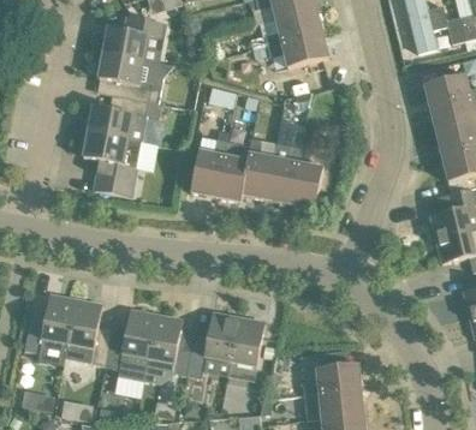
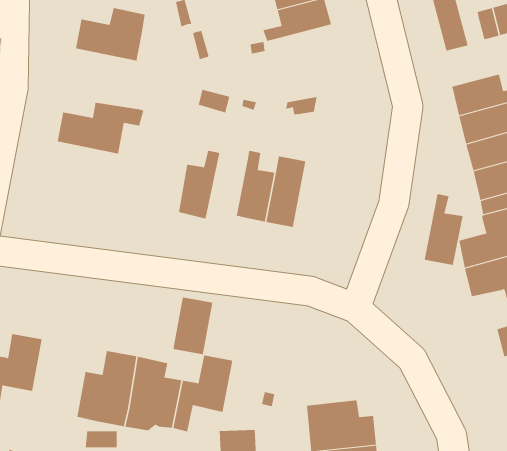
building: [267,31,328,67] -> none
building: [99,52,163,103] -> none
building: [83,131,141,197] -> none
building: [215,141,250,202] -> none
building: [290,148,323,209] -> [424,193,463,265]
building: [65,299,112,365] -> none
building: [230,317,264,366] -> [172,297,213,355]

